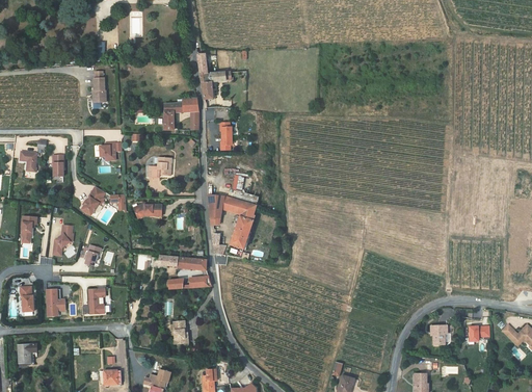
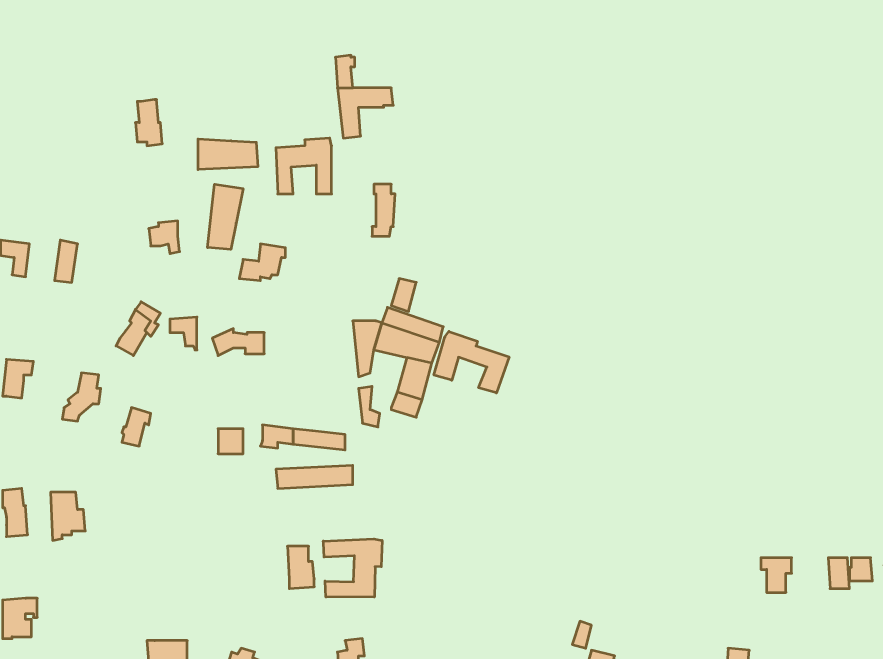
building: none -> [198,139,258,170]
building: none -> [208,184,243,249]
building: none -> [434,331,509,393]
building: [83,289,107,314] -> none
building: none -> [323,539,382,597]

